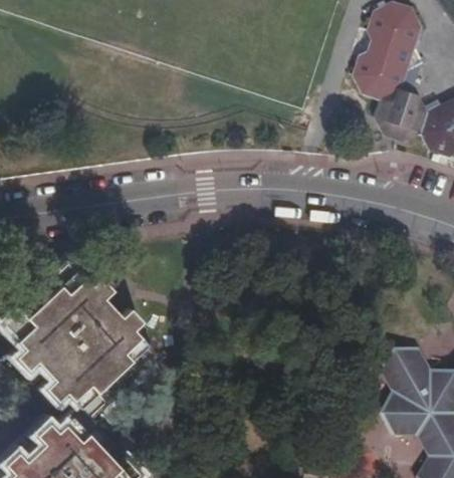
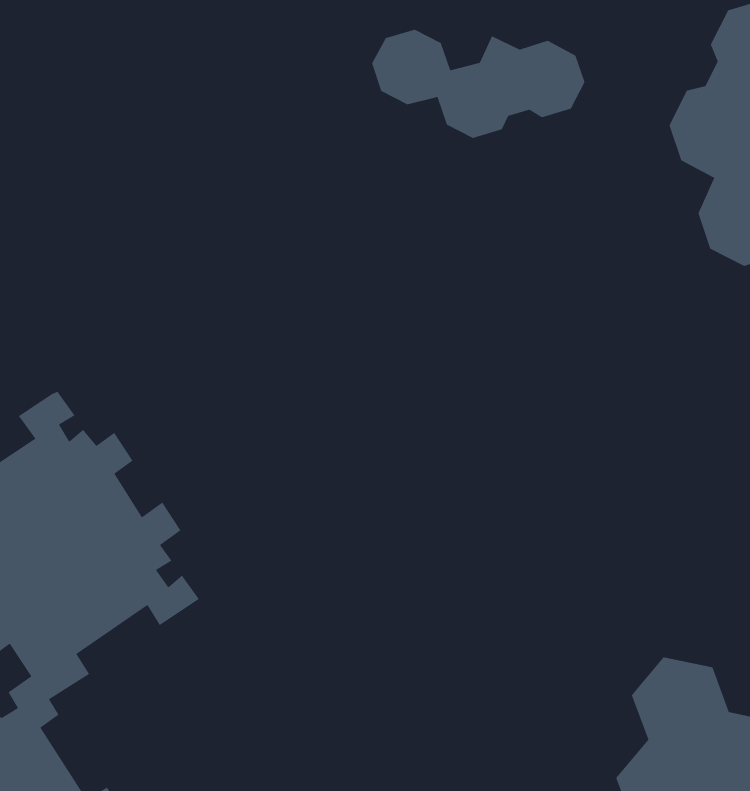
building: none -> [371,29,586,139]

